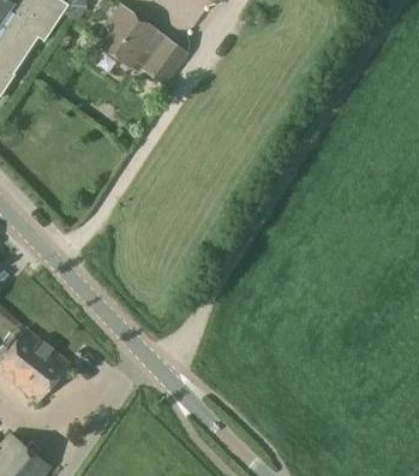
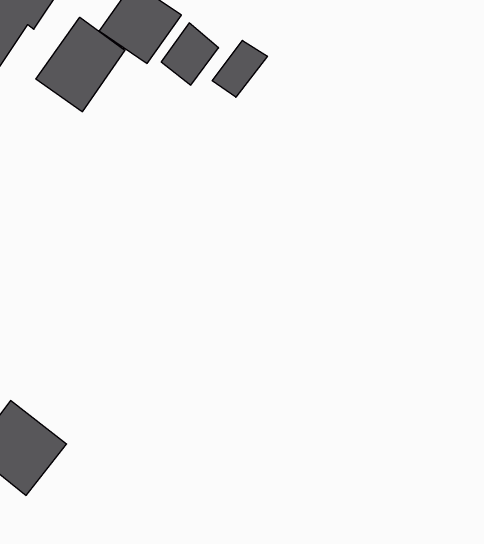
building: none -> [36,17,125,112]
building: none -> [212,40,267,97]

